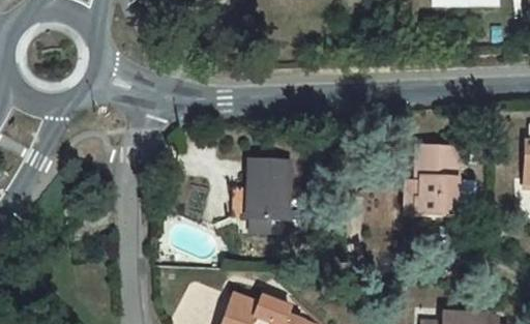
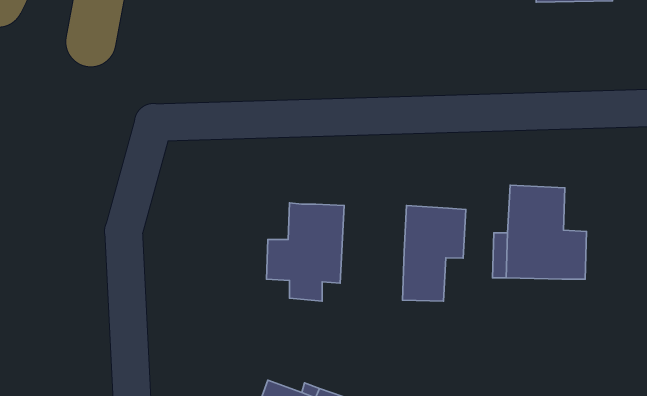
building: none -> [402,206,466,301]

